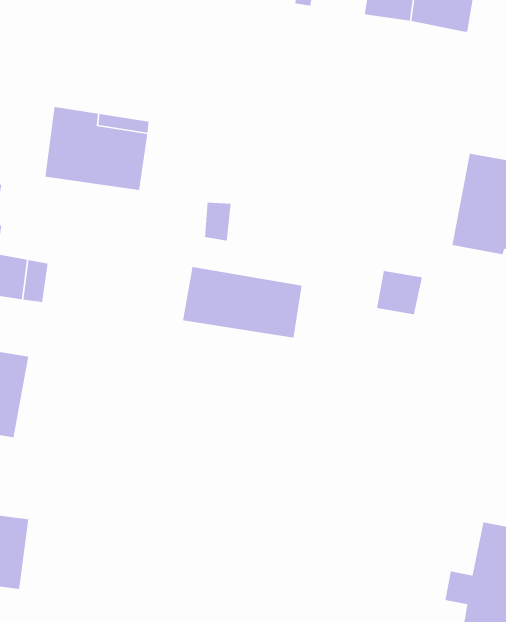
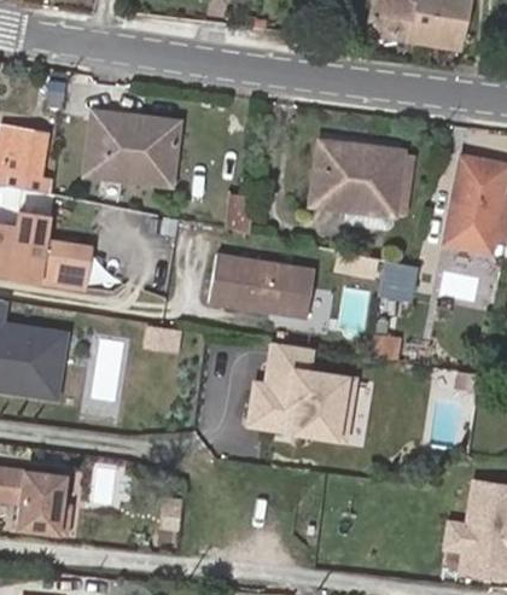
building: none -> [314,138,402,210]
building: none -> [244,345,360,447]

